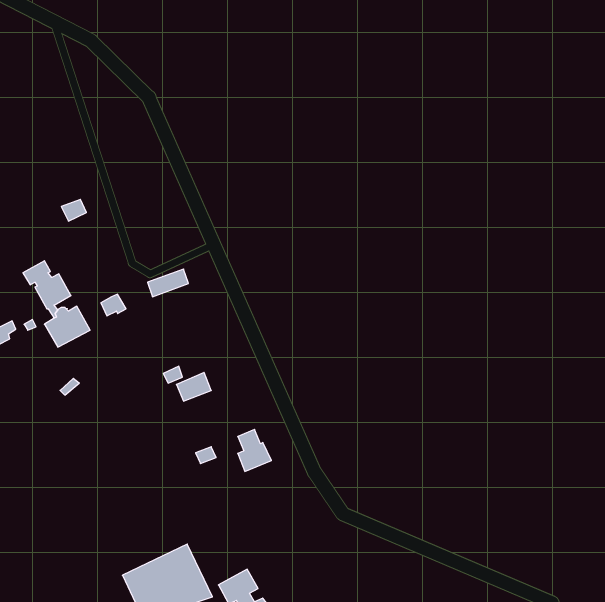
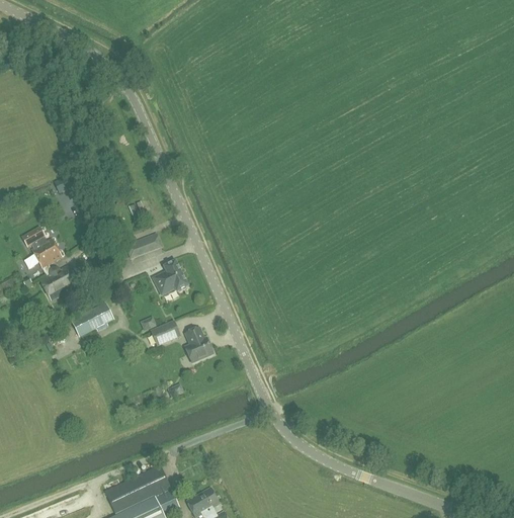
building: none -> [153,260,187,294]
building: none -> [72,305,112,336]
building: [238,429,271,471] -> [184,327,212,362]

